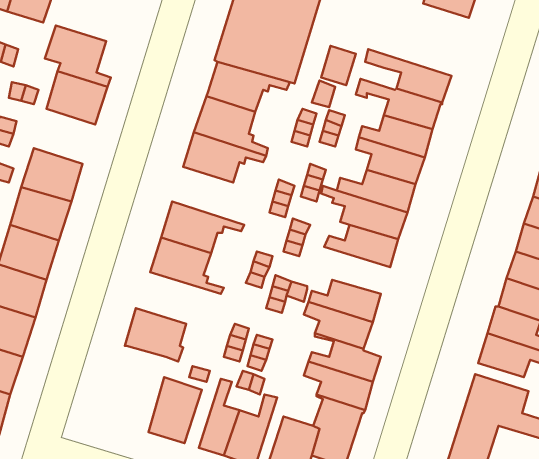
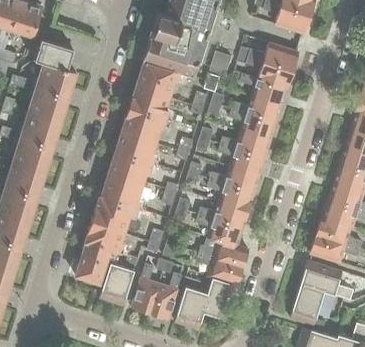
building: none -> [240,43,298,70]
building: none -> [27,91,66,126]
building: none -> [115,128,162,165]
building: none -> [210,179,254,209]
building: none -> [92,195,146,228]
building: none -> [76,242,111,284]

